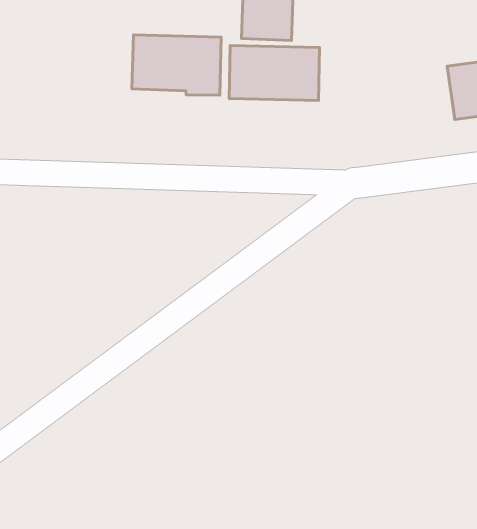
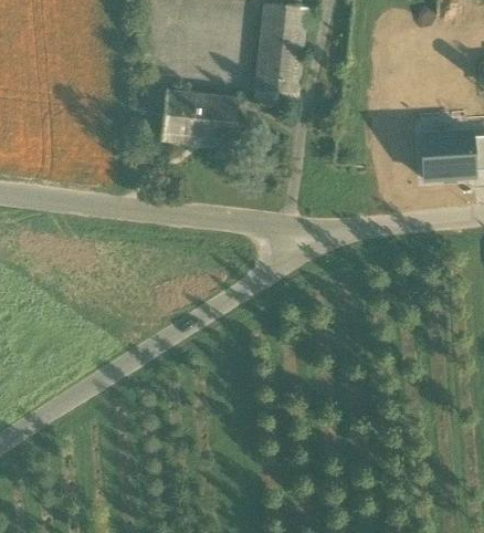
building: [229,45,320,101] -> none

